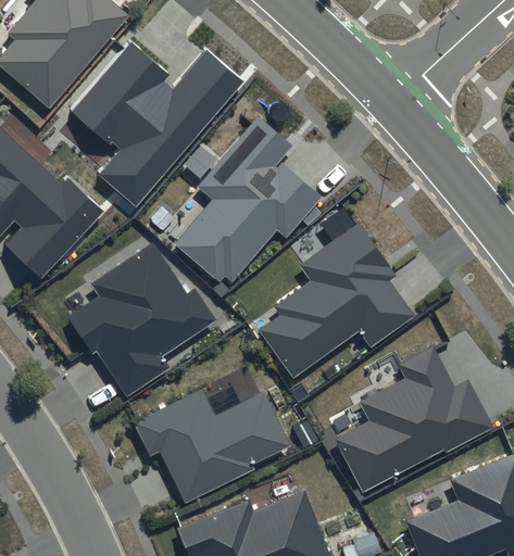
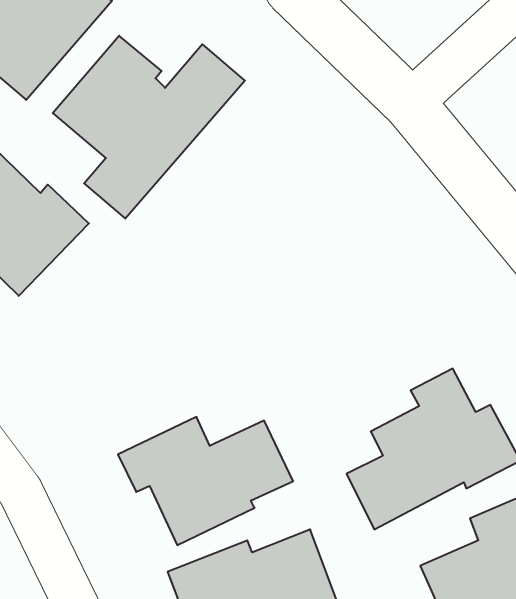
building: [176,116,321,282] -> none
building: [259,220,413,377] -> none
building: [65,242,214,392] -> none

